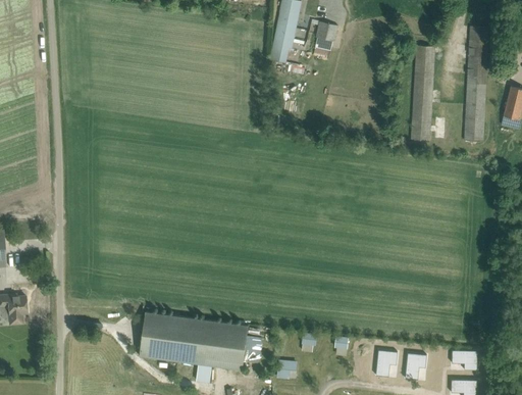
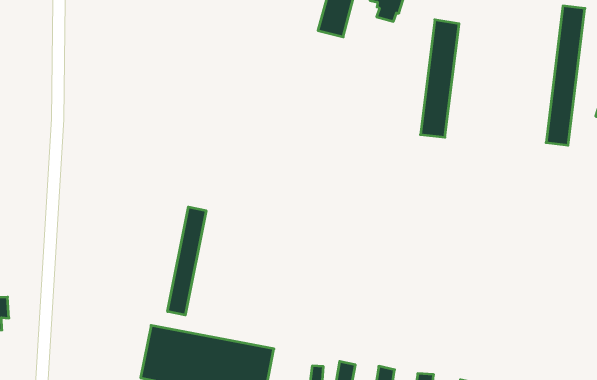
building: [410,43,436,140] -> [420,20,459,137]
building: none -> [168,207,206,315]

